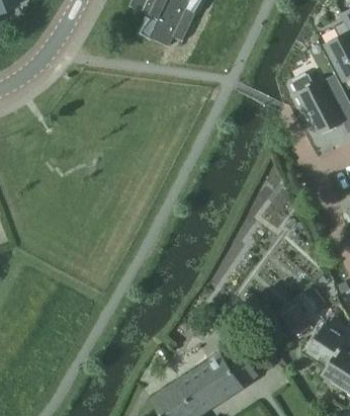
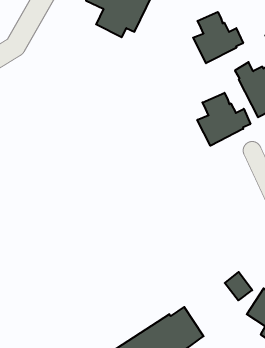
building: none -> [193,12,243,63]
building: none -> [197,93,250,146]

